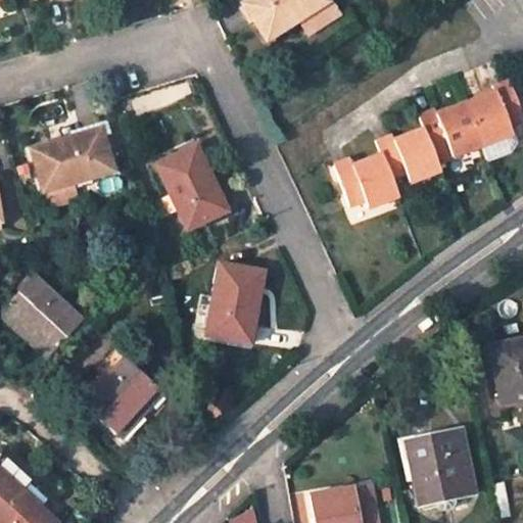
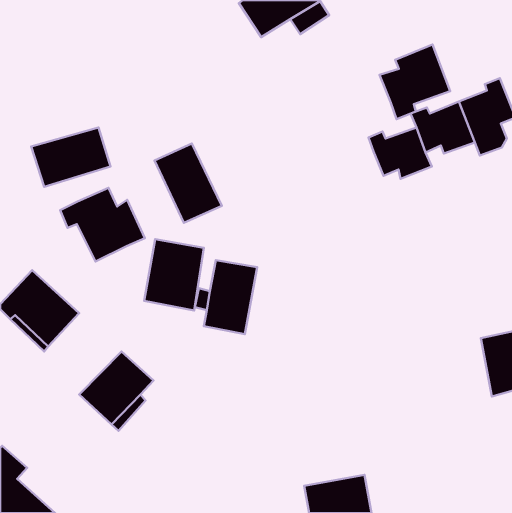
building: none -> [380,45,450,119]
building: [335,154,398,207] -> none
building: none -> [60,188,145,261]
building: none -> [144,239,204,311]
building: [407,430,475,504] -> none

